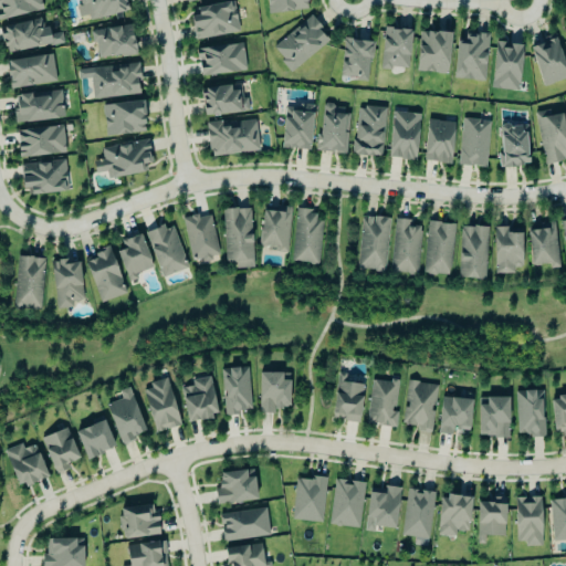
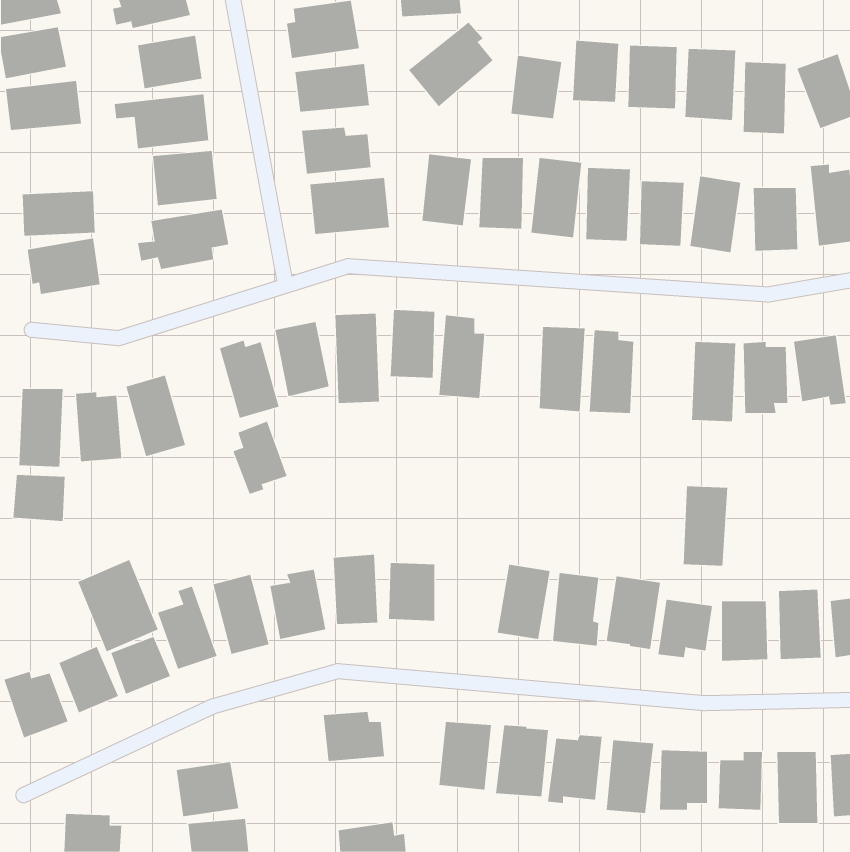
building: [17,91,65,120] -> none
building: [426,221,455,274] -> [683,486,728,566]
building: [117,231,154,280] -> [232,421,288,495]
building: none -> [13,474,65,522]
building: none -> [78,559,158,652]
building: [221,507,271,541] -> none

